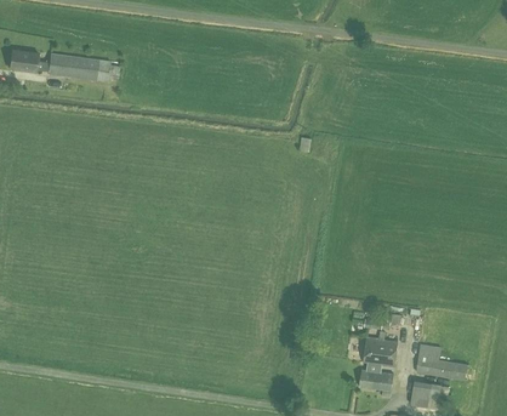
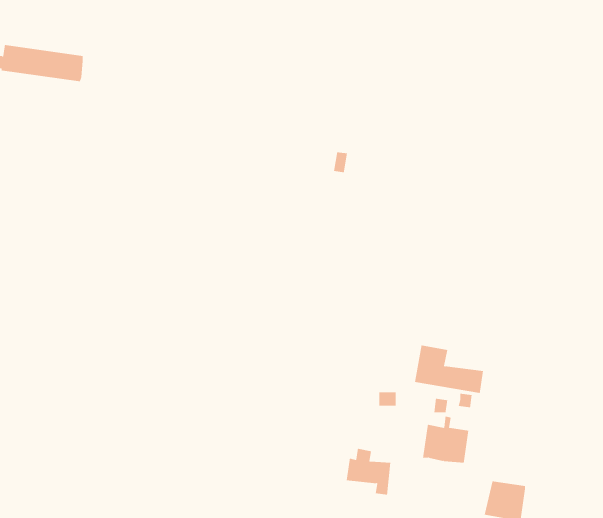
building: [415,344,467,381] -> [414,345,484,393]
building: [359,363,393,398] -> [346,448,391,495]

